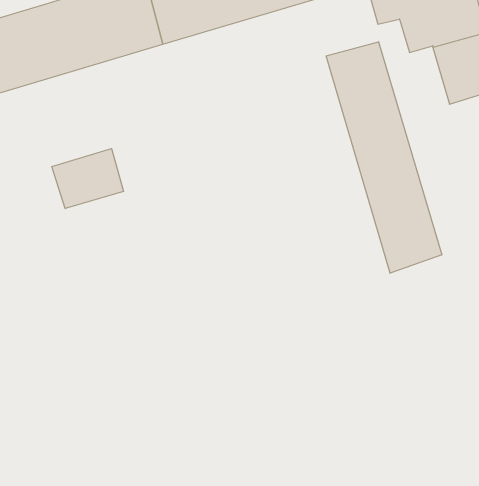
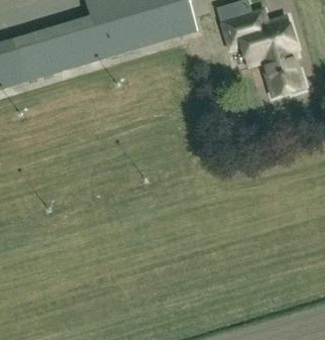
building: [326,42,442,273] -> none
building: [52,149,124,209] -> none

